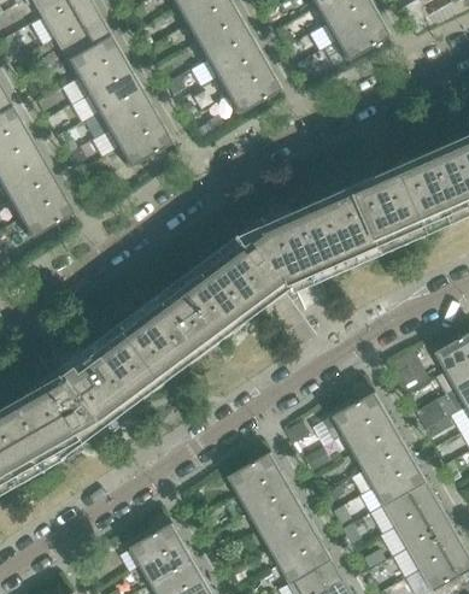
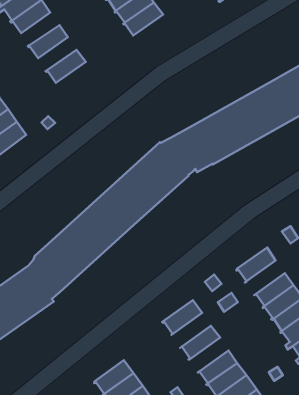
building: [77,52,129,93] -> none
building: [224,69,279,112] -> none
building: [95,87,148,128] -> none
building: [116,122,170,165] -> none
building: [342,408,397,452] -> none
building: [239,469,292,512] -> none
building: [259,504,312,547] -> none

